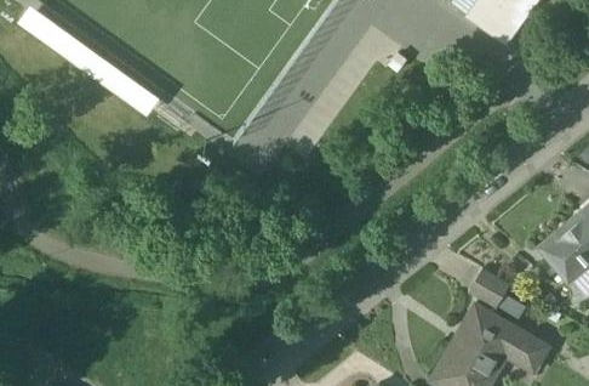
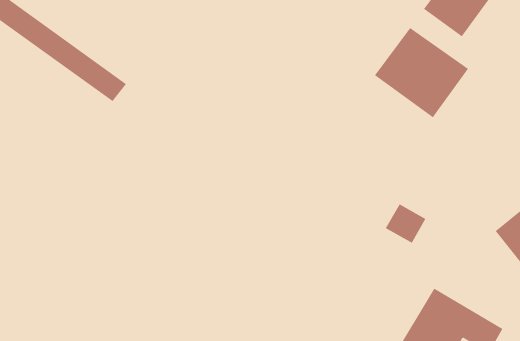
building: none -> [374,27,469,118]
building: [468,267,510,308] -> [385,204,426,244]

